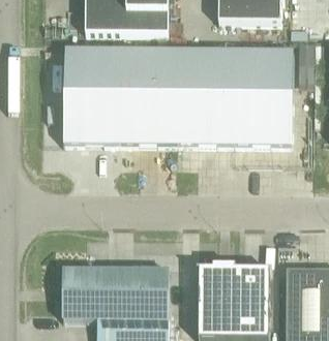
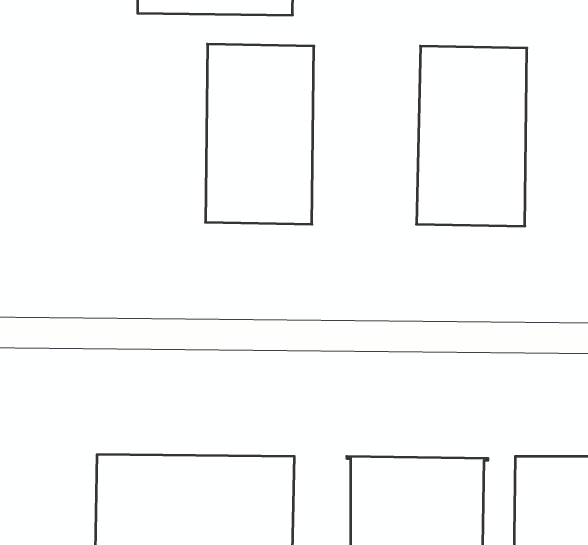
building: [62,47,121,143] -> none
building: [177,49,235,144] -> none

